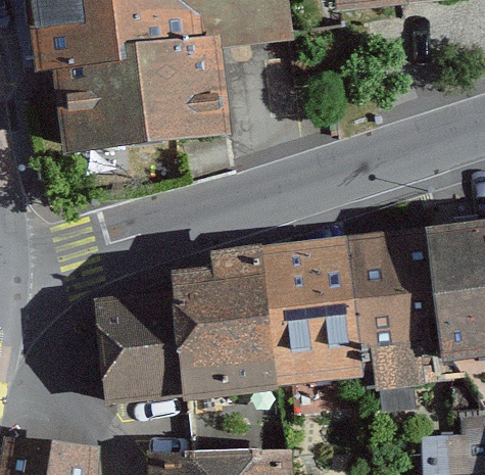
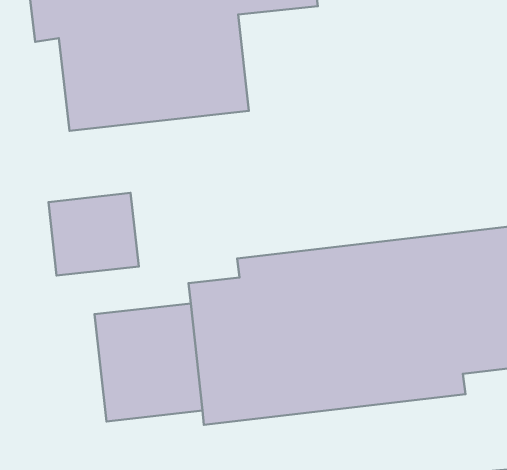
building: none -> [48,193,139,276]

